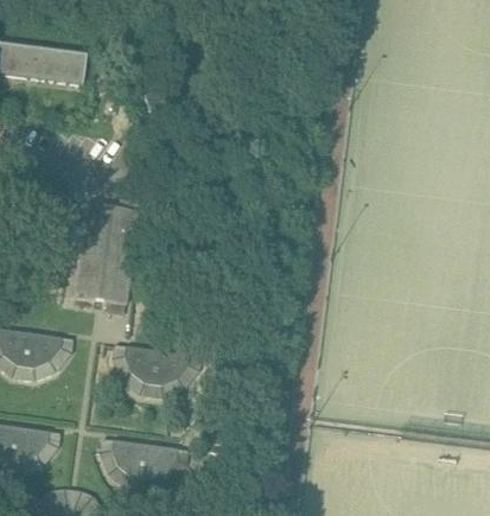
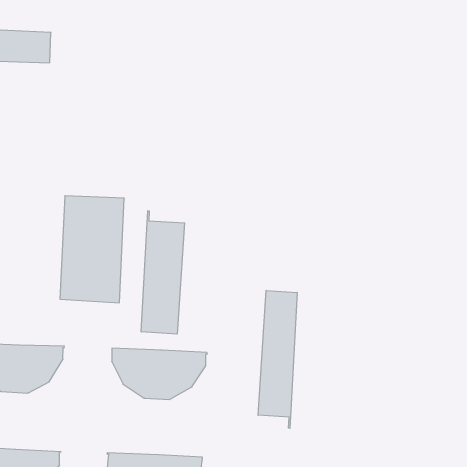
building: none -> [141,211,185,334]
building: none -> [258,290,297,428]

